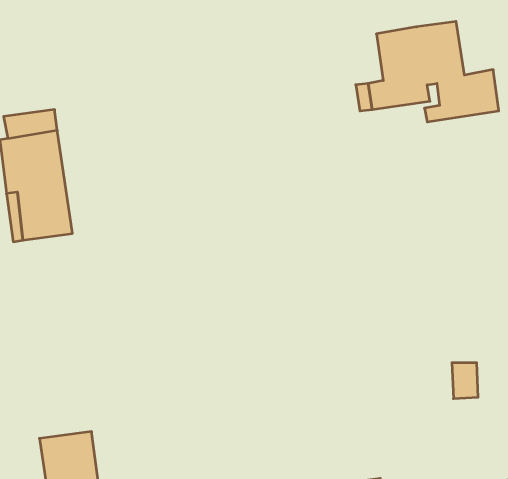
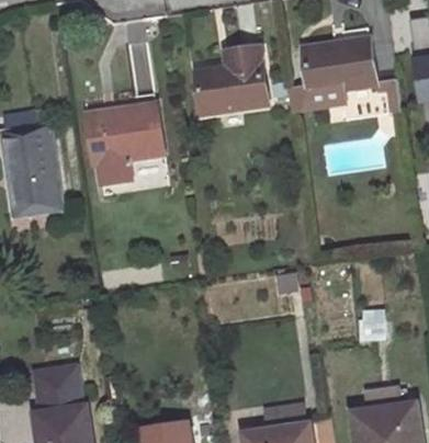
building: none -> [195,49,267,112]
building: none -> [87,101,163,182]

